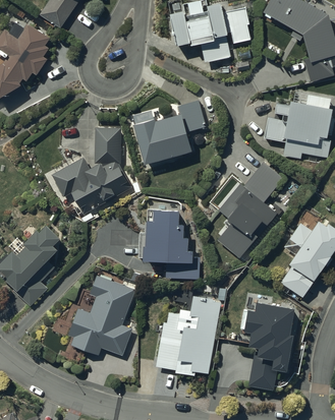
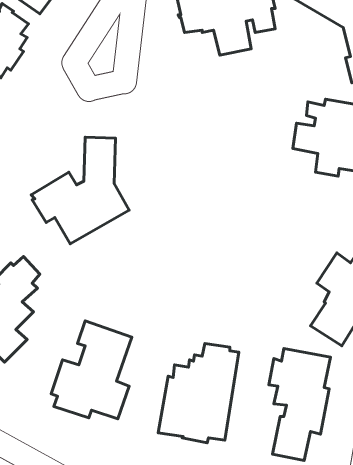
building: [135,104,208,168] -> none
building: [216,161,283,257] -> none
building: [143,206,200,279] -> none

